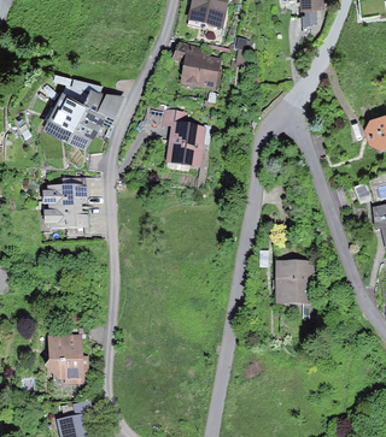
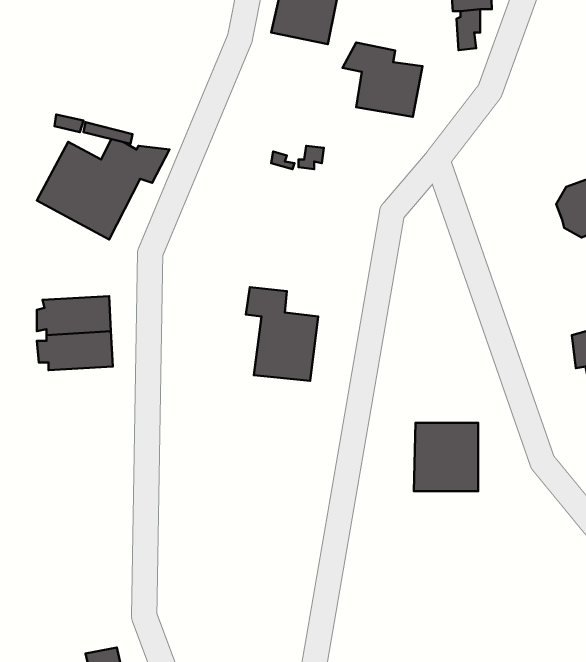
building: [171,45,221,90] -> [342,43,423,117]
building: [160,110,205,167] -> [246,287,318,381]
building: [43,336,88,385] -> none

